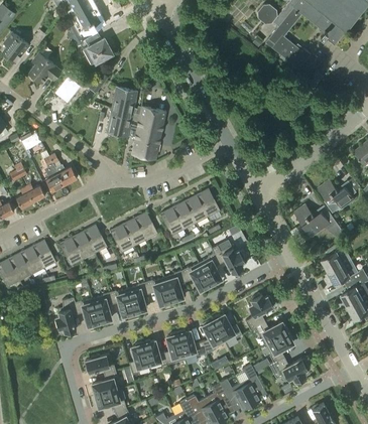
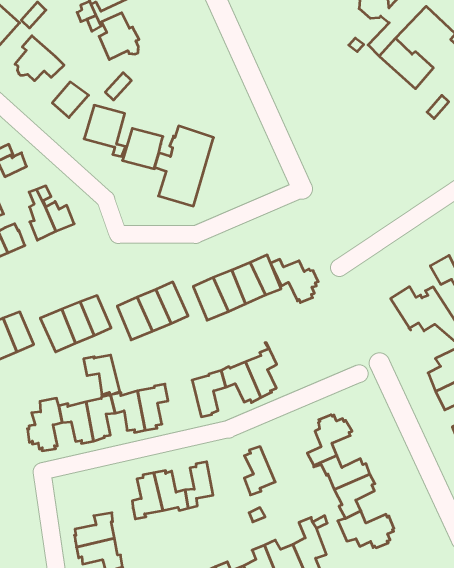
building: [110,88,138,121] -> [84,105,125,156]
building: [212,246,245,274] -> [271,259,318,303]
building: [145,278,171,305] -> [84,355,120,395]
building: [213,315,242,342] -> none
building: [177,330,209,359] -> none
building: [85,354,116,375] -> none

